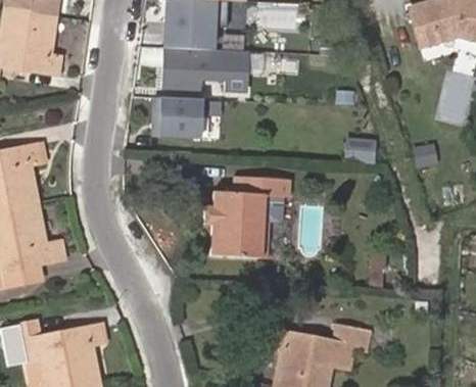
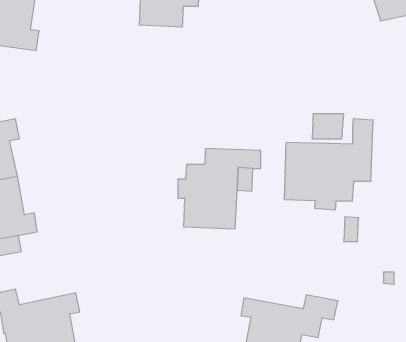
building: [163,47,246,91] -> none
building: [152,97,201,137] -> none
building: none -> [284,118,373,210]

